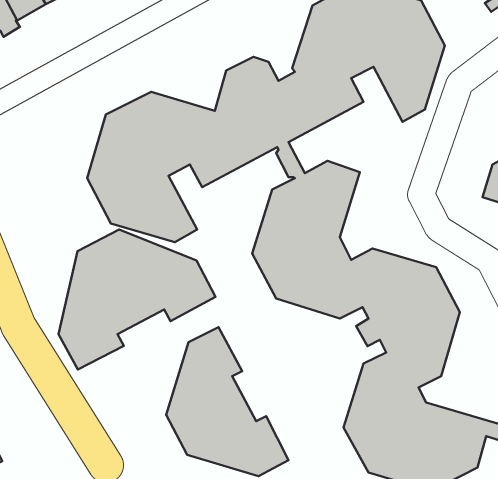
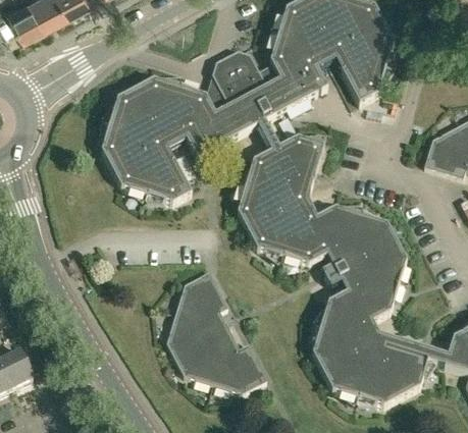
building: [58,229,215,369] -> none

